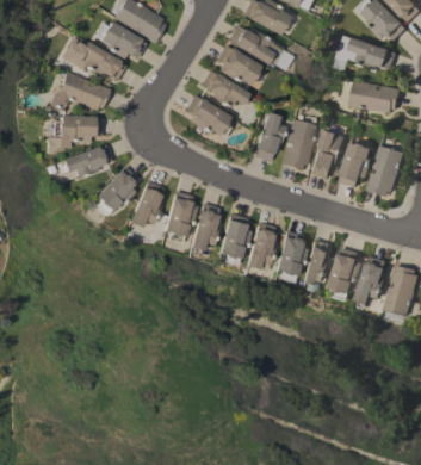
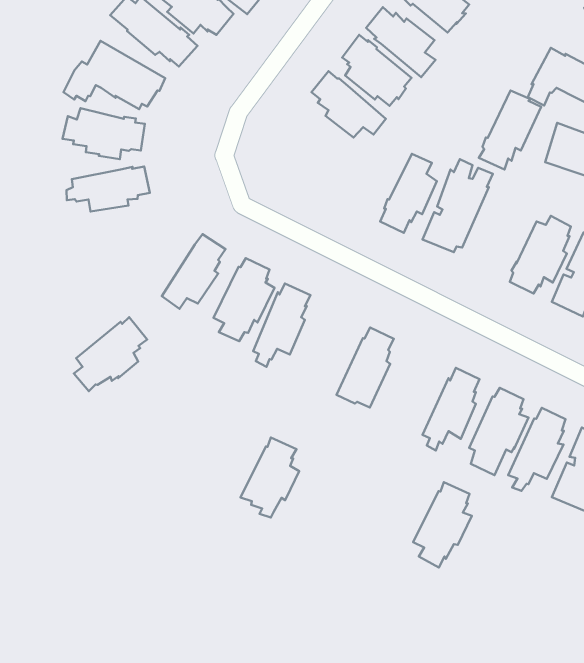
building: [186,94,231,136] -> none
building: [311,129,345,178] -> [479,90,541,170]
building: [97,166,138,215] -> [74,317,147,391]
building: [217,213,250,262] -> [241,438,299,518]
building: [273,230,307,283] -> [413,482,472,567]

